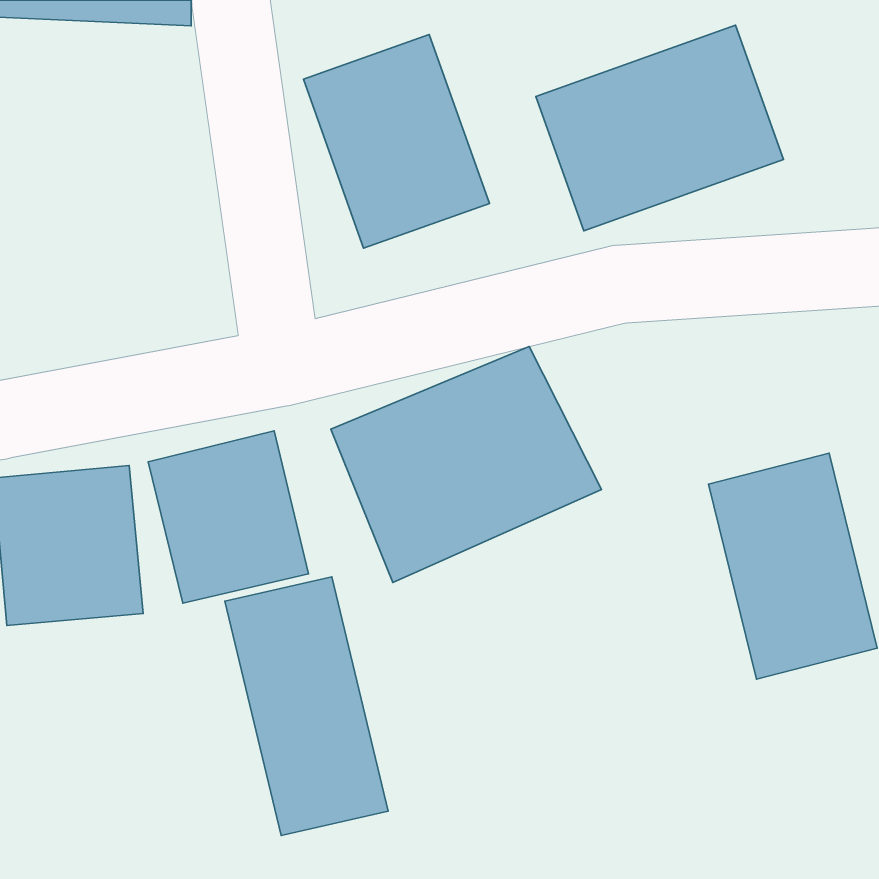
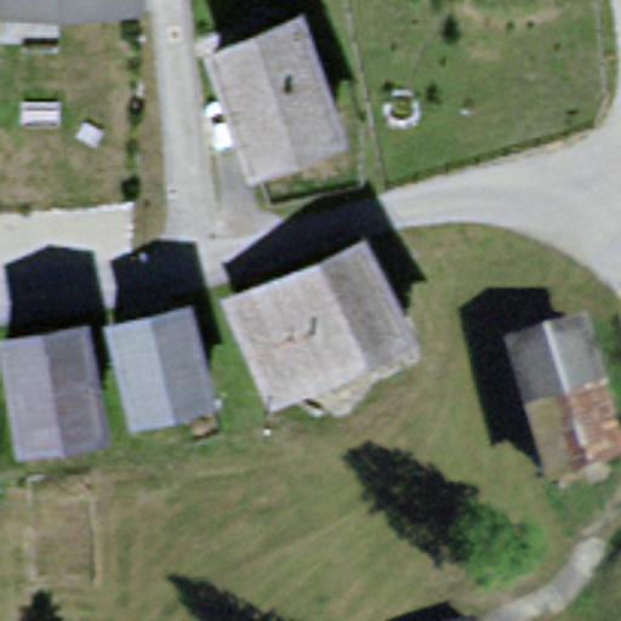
building: [536,25,784,231] -> none
building: [225,577,388,835] -> none

